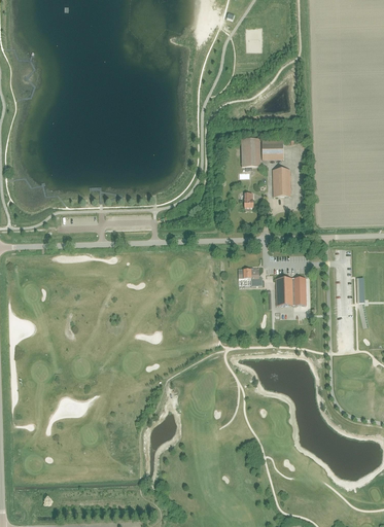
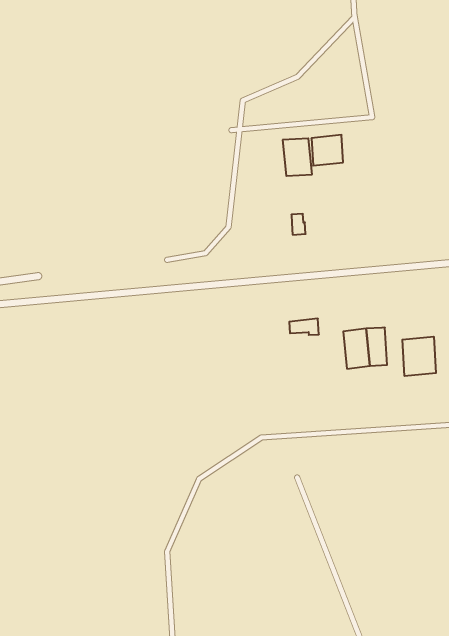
building: [273,168,290,196] -> none
building: none -> [402,337,436,376]

